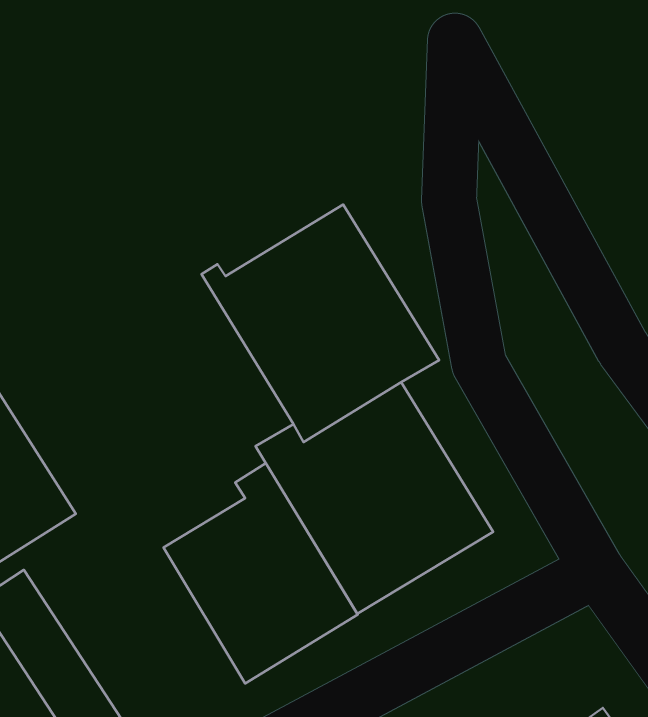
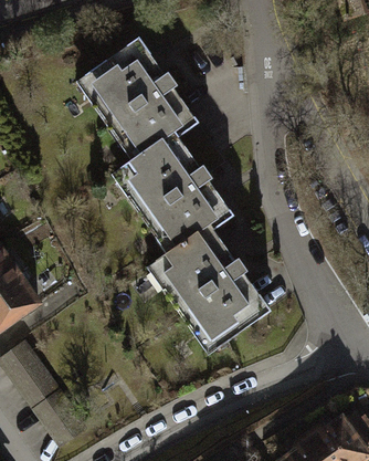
building: none -> [75,36,207,175]
building: [163,463,358,683] -> none

